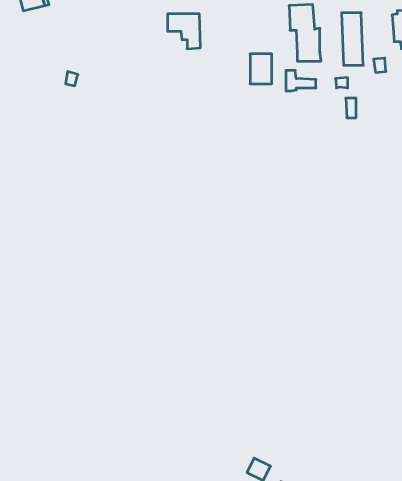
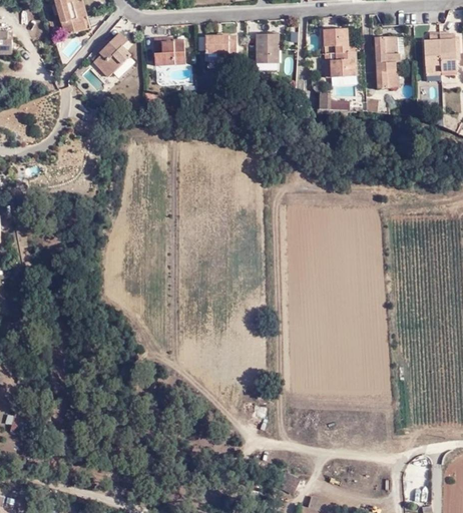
building: none -> [92,36,128,78]
building: none -> [154,39,184,65]
building: [250,54,272,84] -> [256,34,277,63]

